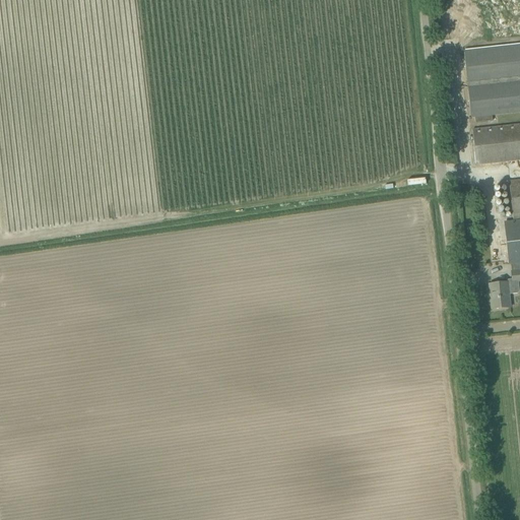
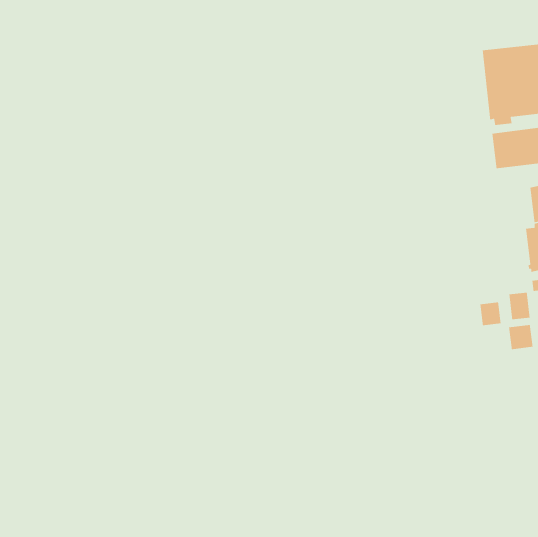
building: none -> [479,301,502,326]
building: none -> [508,324,533,350]

